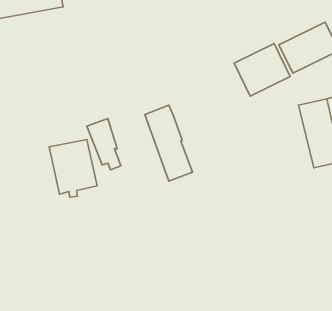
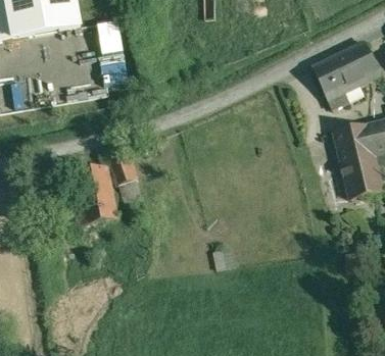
building: [234,43,290,96] -> none
building: [145,105,193,181] -> none

